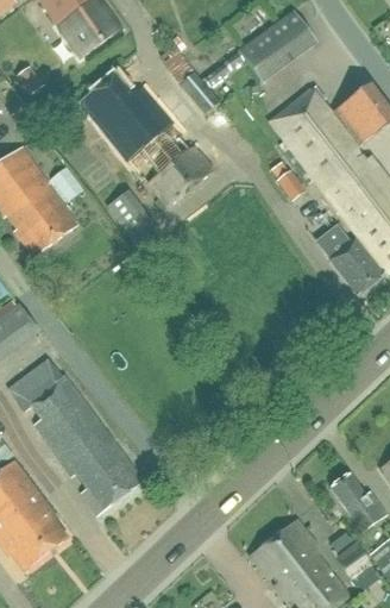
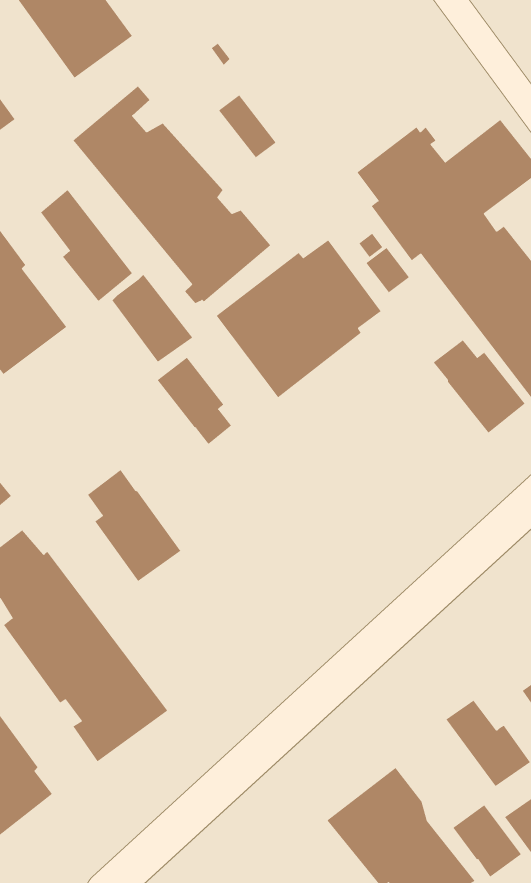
building: [237,10,319,101] -> none
building: none -> [40,189,133,302]
building: none -> [216,239,382,398]
building: none -> [157,357,232,445]
building: none -> [87,469,181,582]

